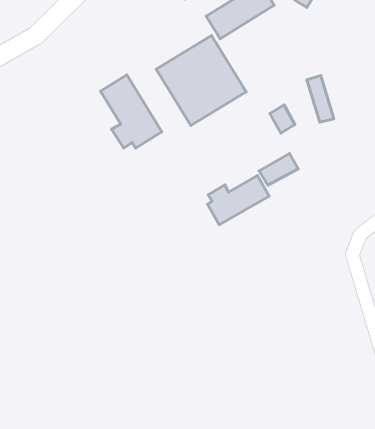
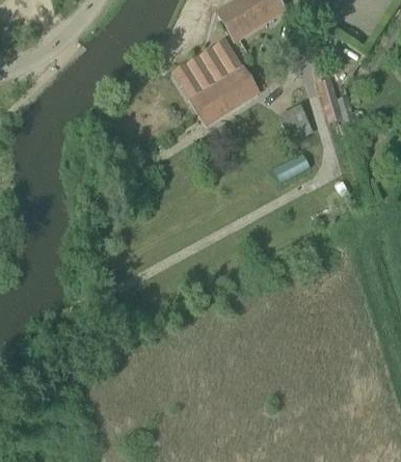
building: [101,75,162,148] -> none
building: [207,176,269,225] -> none

